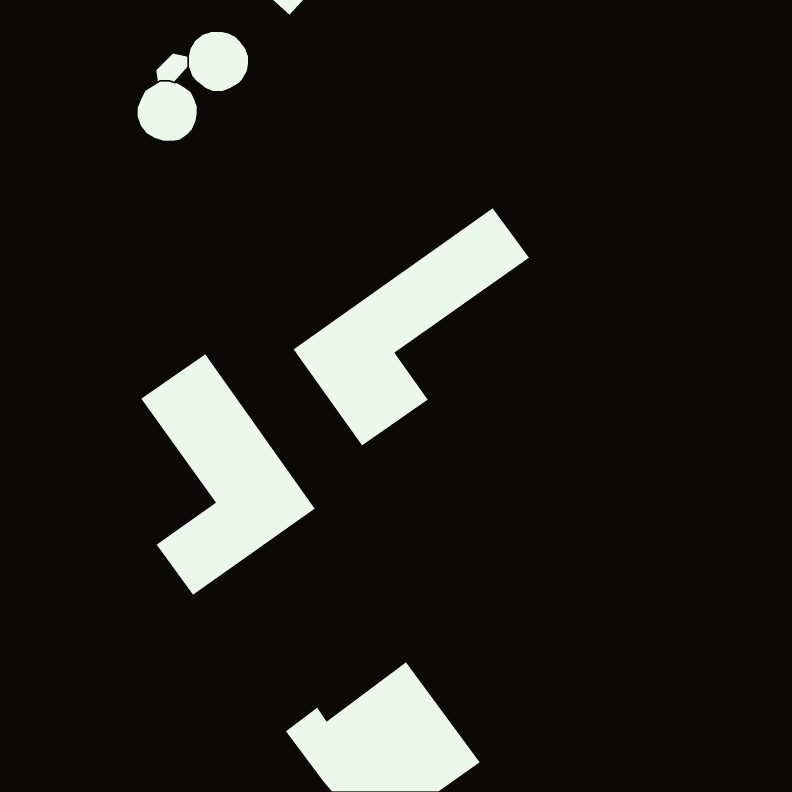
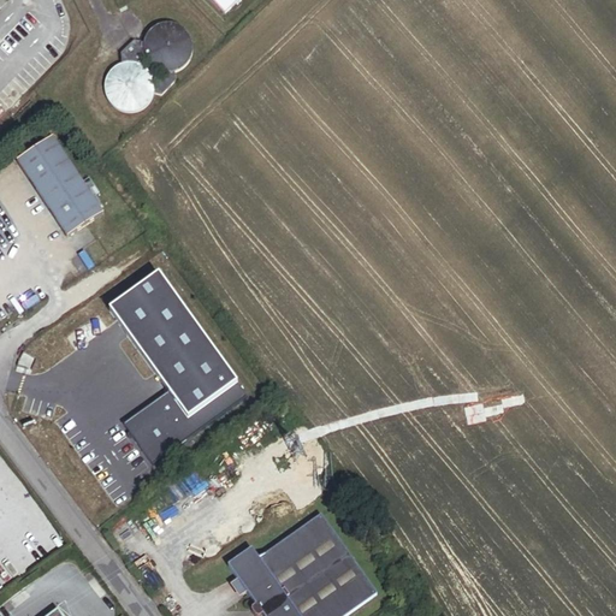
building: none -> [13,130,100,230]
building: [293,207,530,447] -> none

